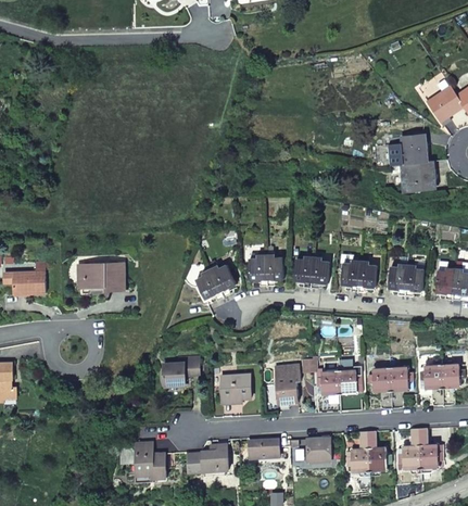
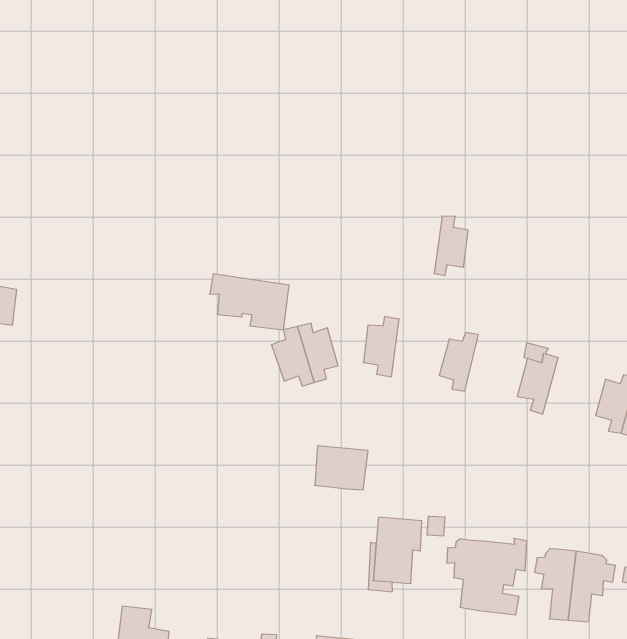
building: [265,251,282,286] -> [434,216,468,276]
building: [309,253,329,288] -> none
building: [356,258,375,292] -> none
building: [77,264,123,291] -> [210,274,289,330]
building: [161,357,198,385] -> none
building: [218,375,249,400] -> [315,446,368,490]

